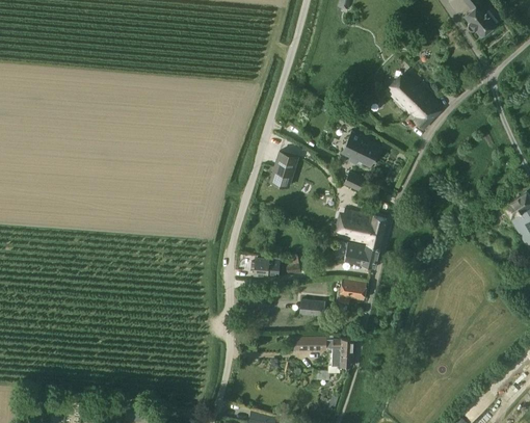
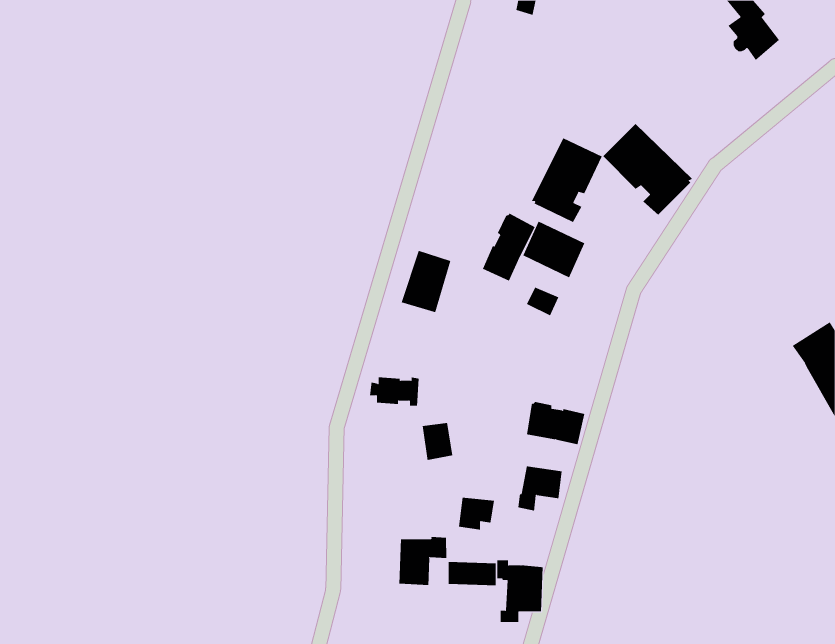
building: none -> [531,137,603,223]
building: none -> [482,213,536,281]
building: [341,209,387,247] -> none
building: [250,258,281,275] -> [369,377,420,406]
building: none -> [399,536,447,586]

